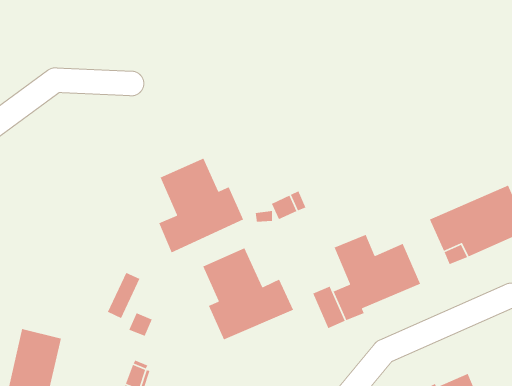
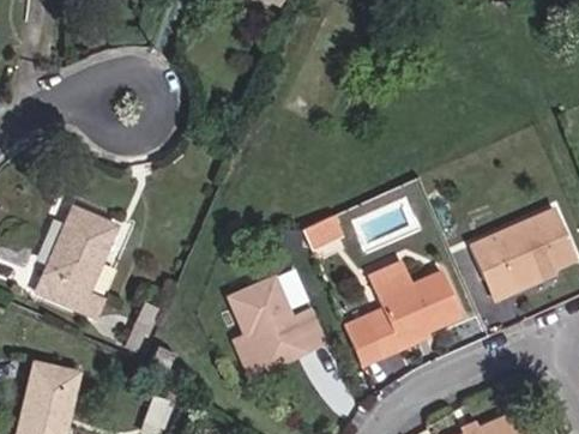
building: [158,157,244,254] -> none
building: none -> [38,209,116,318]

